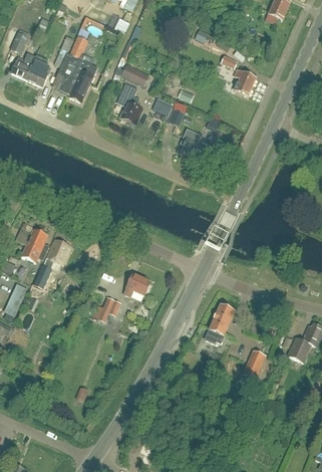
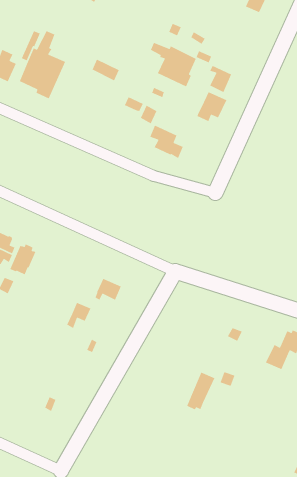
building: none -> [150,42,197,88]
building: [117,83,142,124] -> none
building: none -> [196,91,228,122]
building: [206,304,234,341] -> [186,371,216,410]

